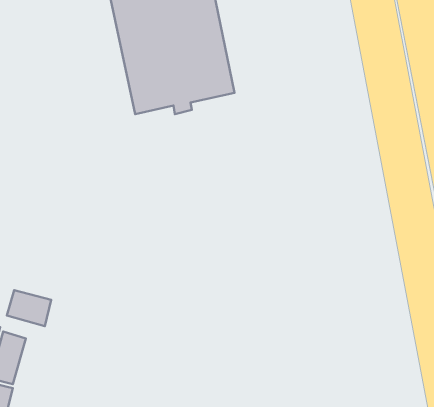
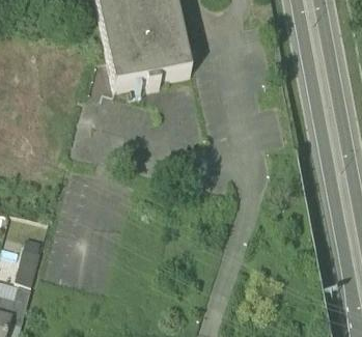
building: [7,290,51,326] -> none

